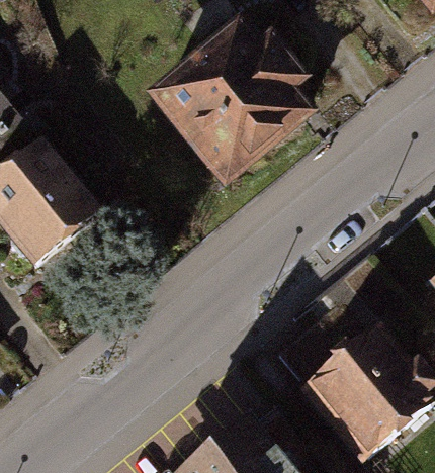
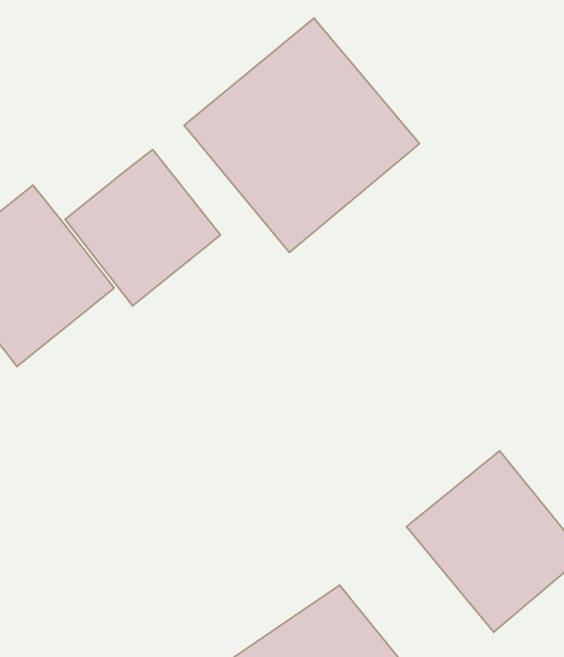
building: none -> [65,150,220,306]

